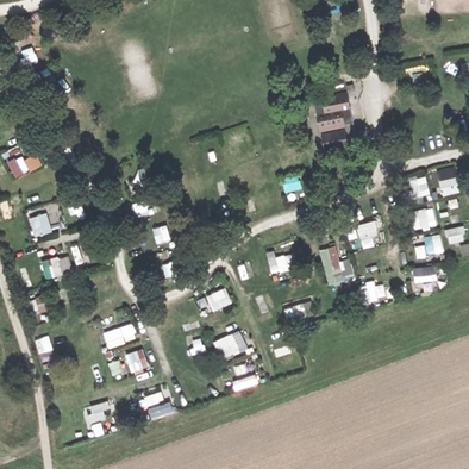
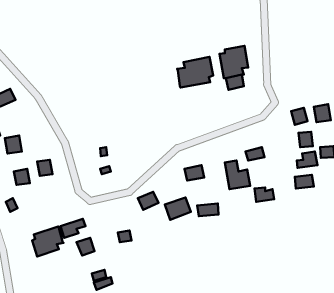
building: none -> [177,57,213,88]
building: [213,331,248,361] -> [165,197,191,220]
building: none -> [32,227,63,256]

